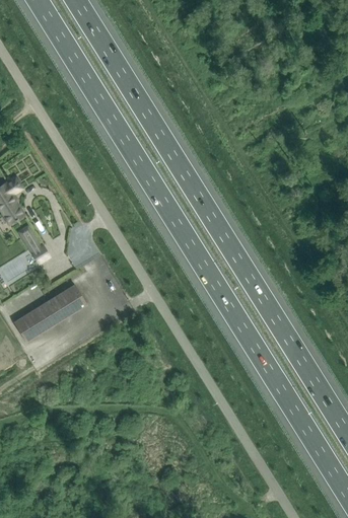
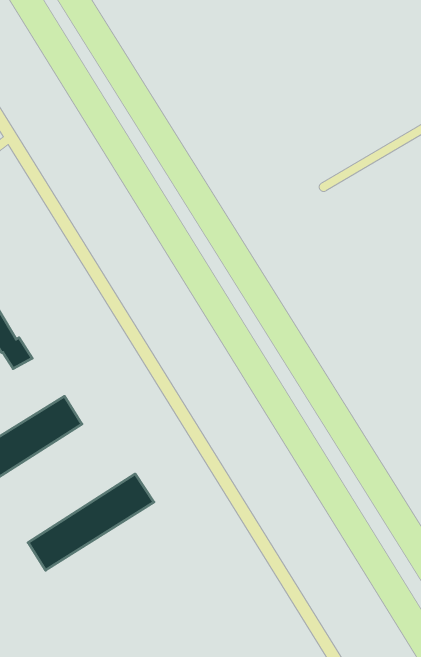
building: none -> [28,474,154,570]

